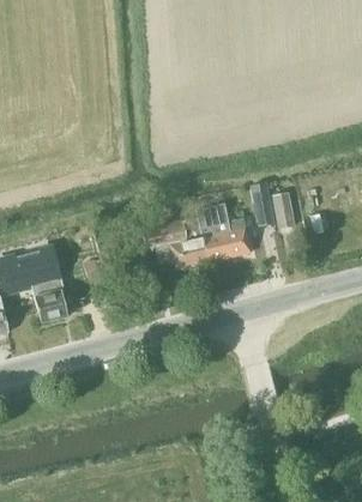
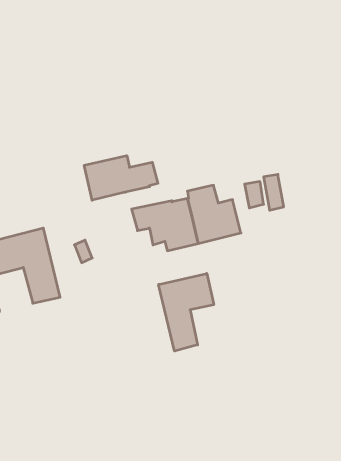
building: none -> [84,156,158,200]
building: none -> [159,273,214,351]

